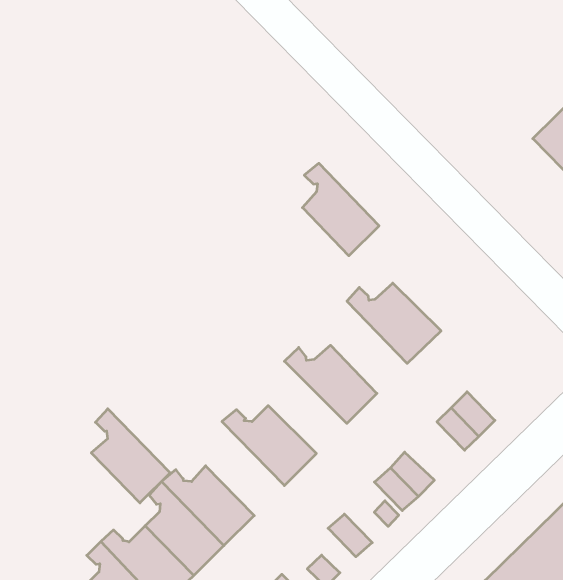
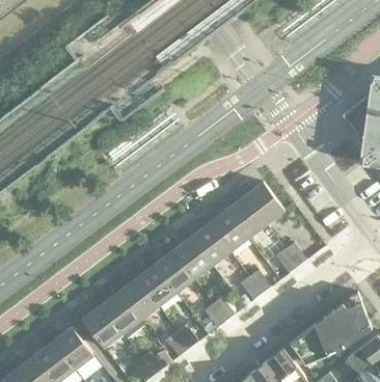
building: [302,163,379,256] -> [226,189,265,239]
building: none -> [190,216,229,266]
building: [91,409,170,503] -> [154,243,193,294]

